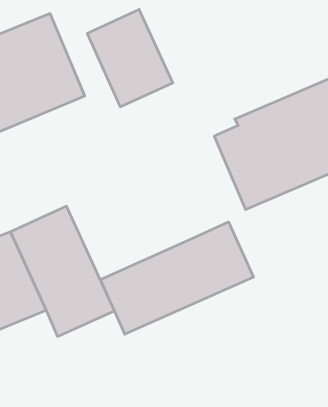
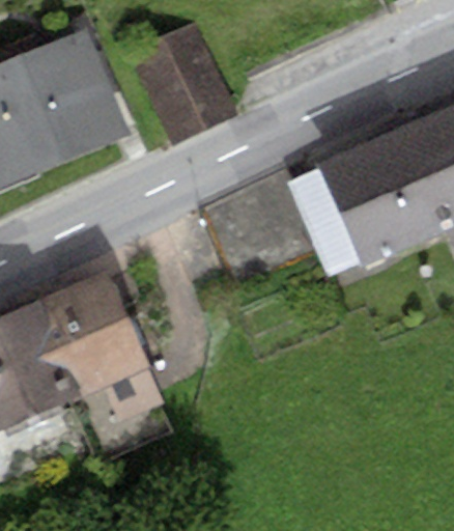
building: [101,222,253,334] -> none

